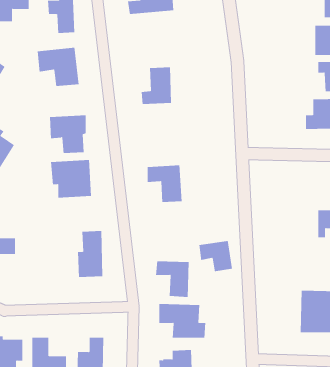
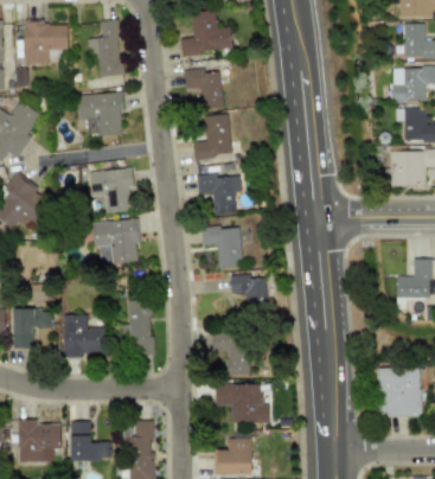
building: none -> [185,69,223,108]
building: none -> [198,173,238,213]
building: [198,241,233,272] -> [230,272,269,307]
building: none -> [63,314,108,355]

